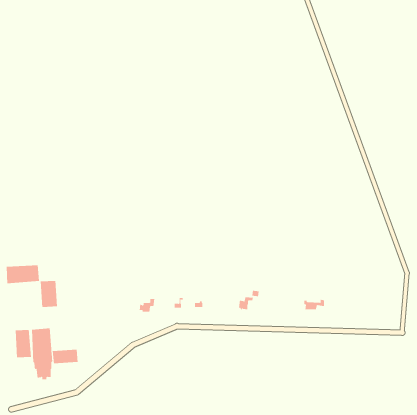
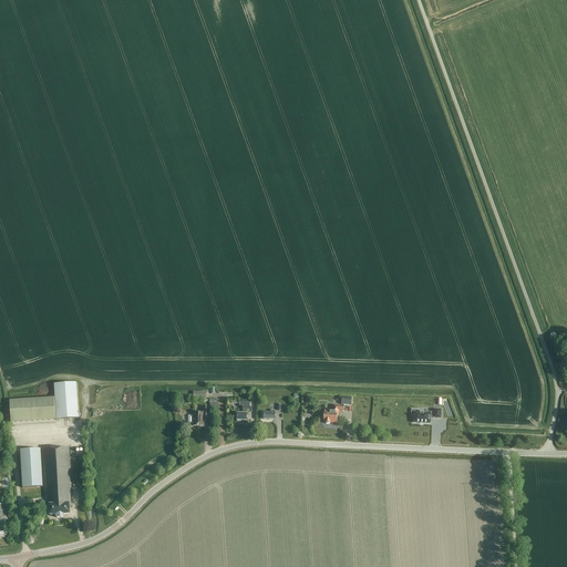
building: [6,265,40,284] -> [10,395,56,421]
building: [52,349,78,364] -> none

